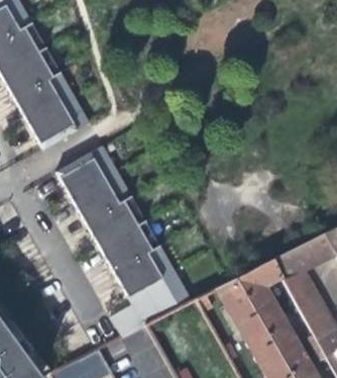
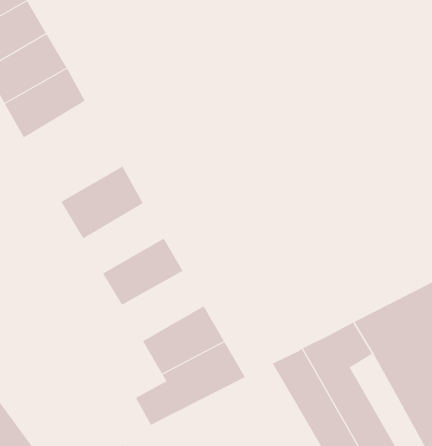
building: [30,98,90,149] -> none
building: [74,173,133,224] -> none
building: [102,222,162,274] -> none

